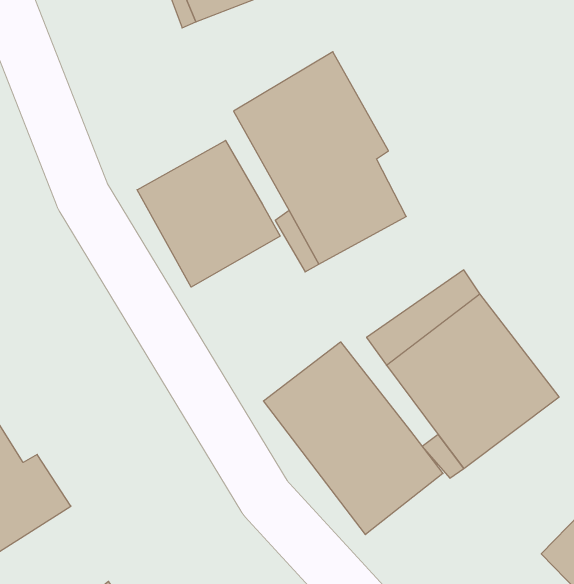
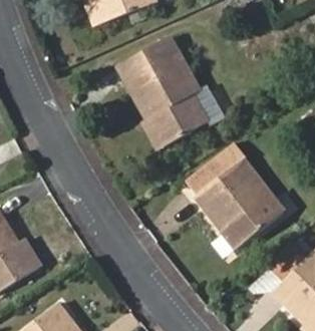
building: [137,140,280,287] -> none
building: [263,342,443,535] -> none

